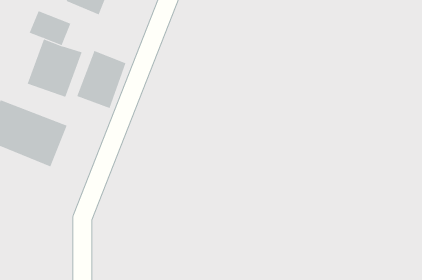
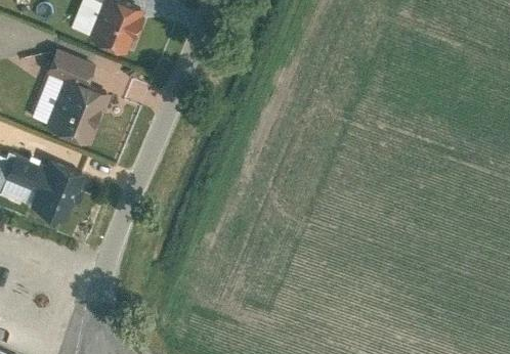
building: [76,50,126,109] -> none

